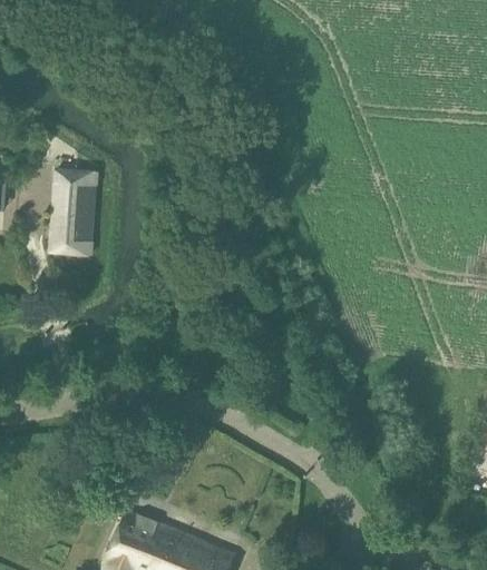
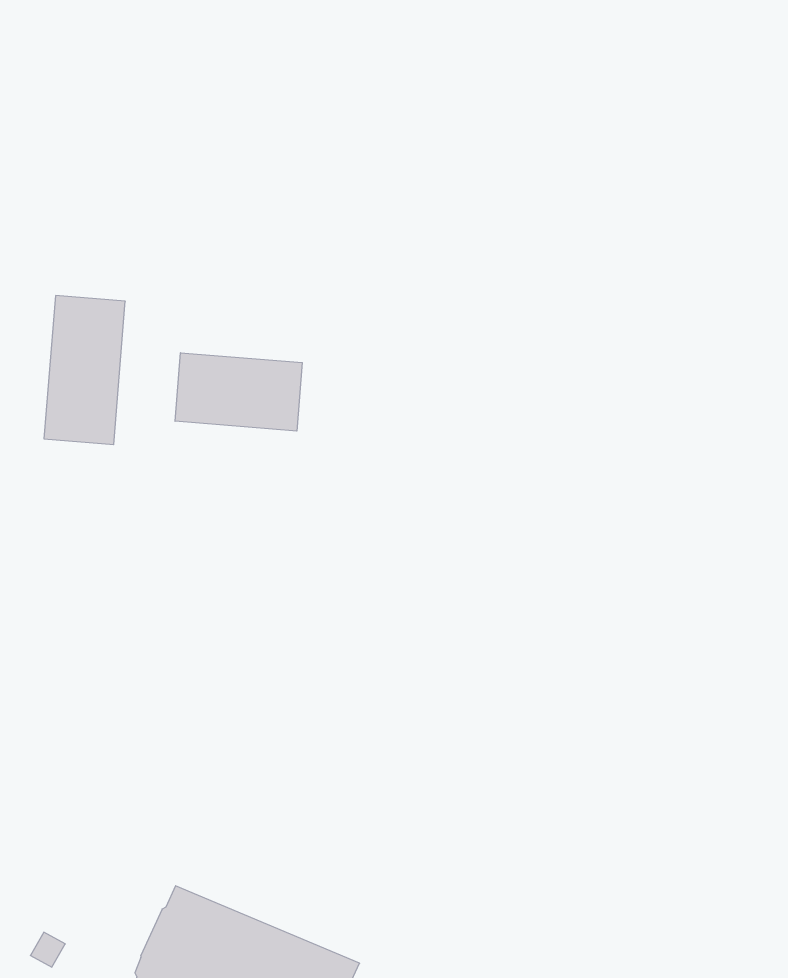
building: none -> [175,353,302,431]

